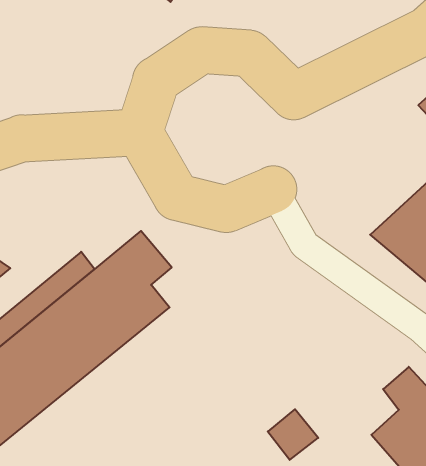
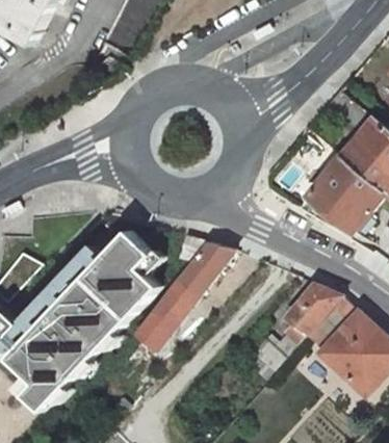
building: none -> [176,237,233,296]
building: none -> [135,304,182,353]
building: none -> [279,285,338,344]

